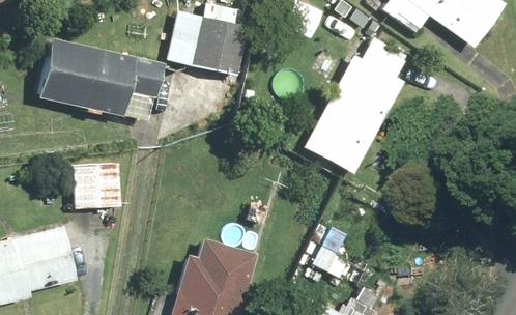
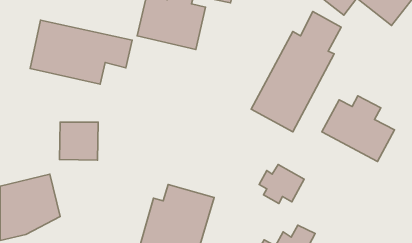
building: none -> [322,96,394,161]

